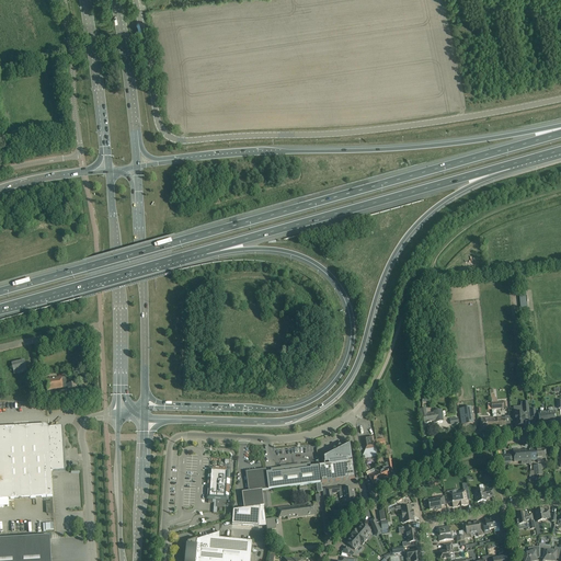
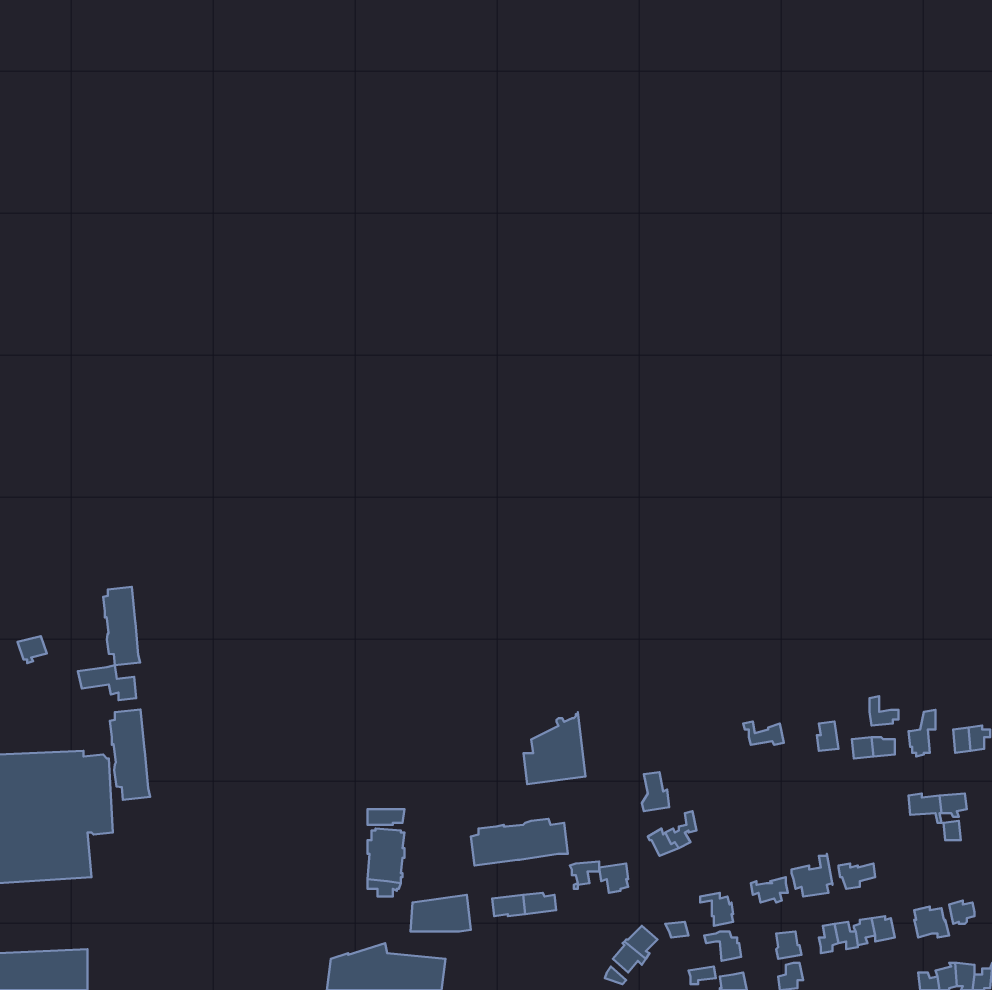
building: none -> [103,587,140,665]
building: none -> [110,710,150,800]
building: [318,440,353,481] -> [523,712,586,784]
building: [241,468,267,506] -> none

